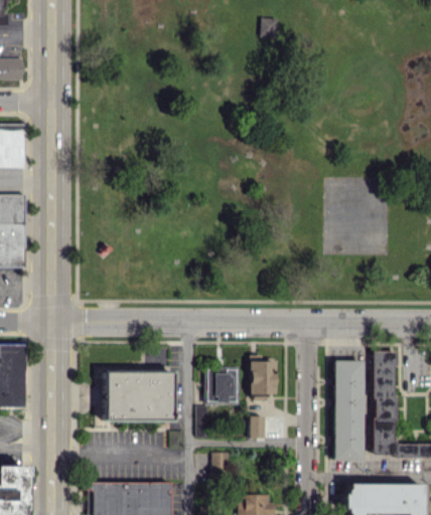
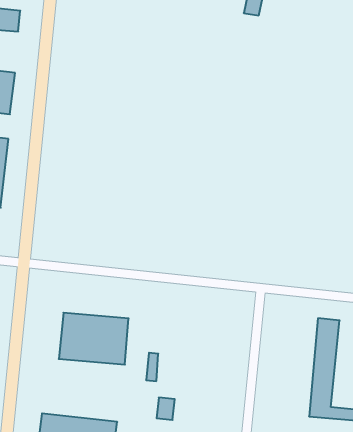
building: [249,354,276,395] -> none
building: [333,360,363,461] -> none
building: [207,369,238,403] -> none
building: [249,415,265,438] -> none

